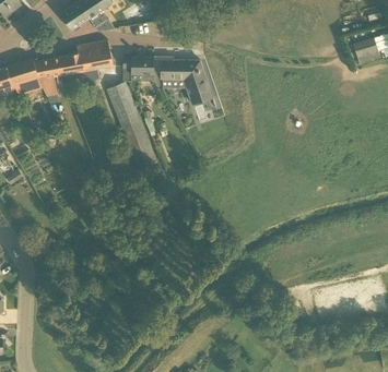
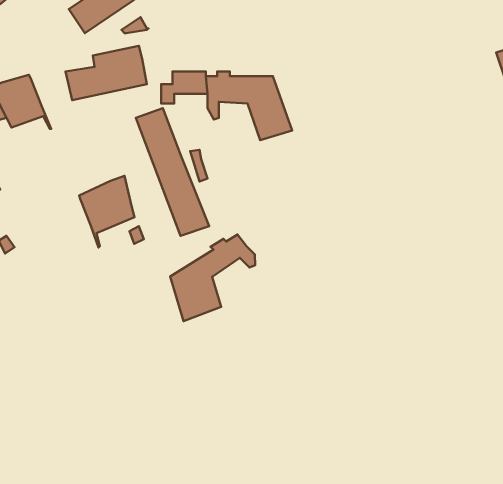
building: [33,57,61,81] -> none
building: none -> [79,176,135,247]
building: none -> [170,235,255,321]

